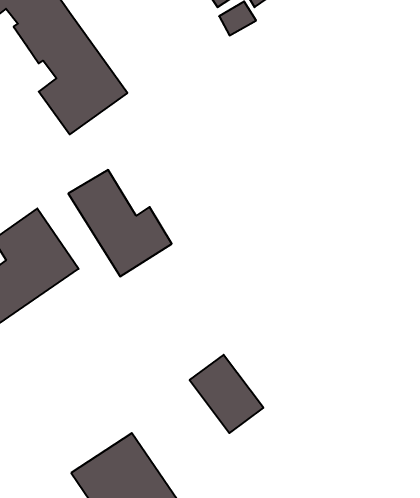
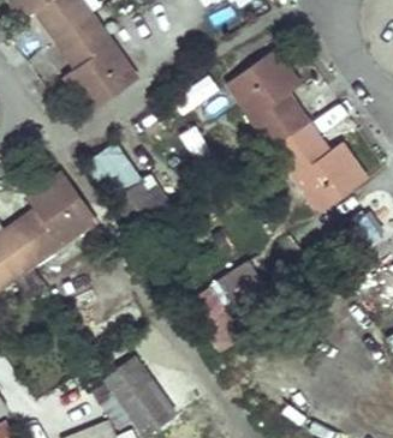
building: none -> [225,49,364,214]
building: none -> [219,262,266,311]

